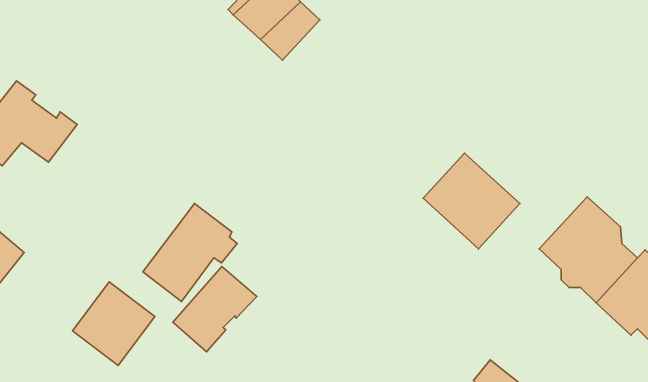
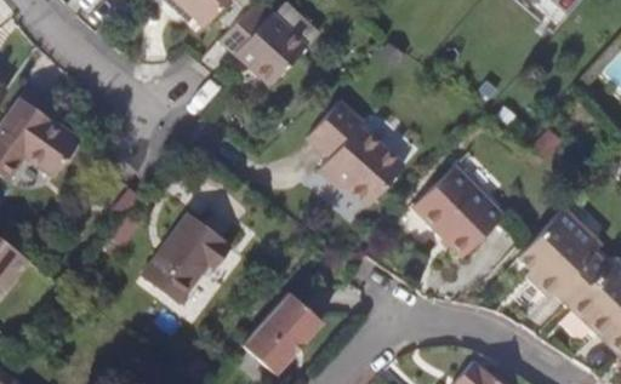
building: none -> [308,97,406,204]
building: [173,267,257,352] -> [244,296,323,376]
building: [72,282,155,365] -> none

